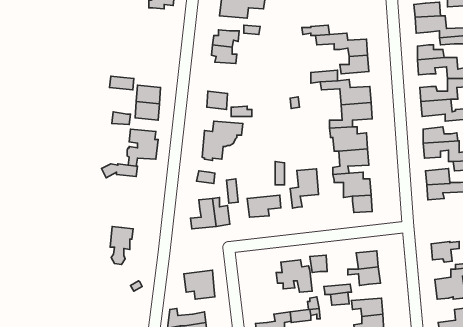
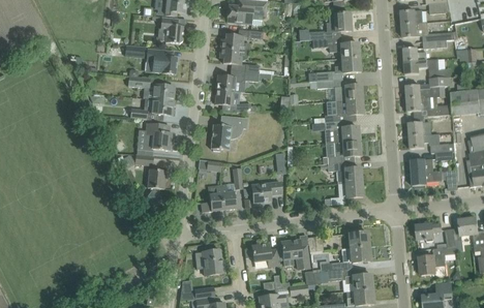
building: none -> [326,12,351,32]
building: none -> [152,16,184,43]
building: none -> [146,49,177,73]
building: none -> [216,71,259,91]
building: [290,169,319,208] -> none
building: [110,226,133,265] -> [147,168,168,203]
building: none -> [247,243,279,267]

